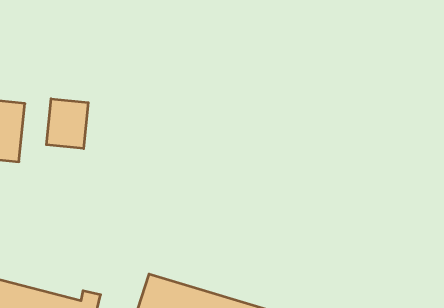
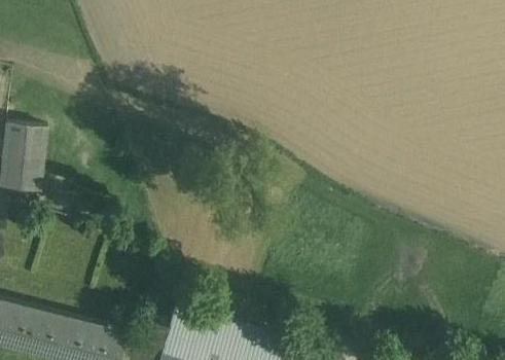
building: [46,99,88,149] -> none

